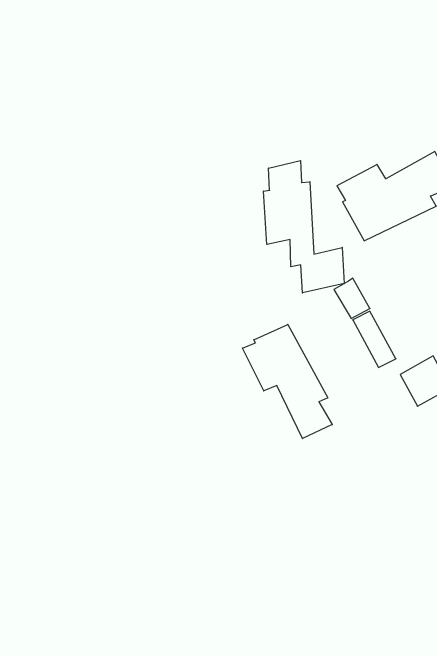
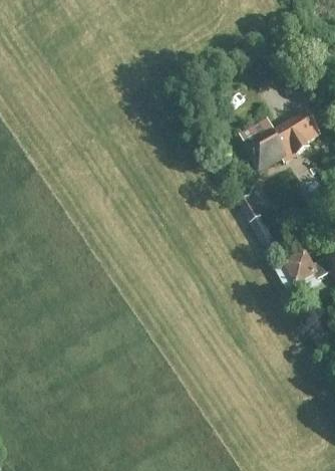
building: [264,161,344,293] -> none
building: [242,324,332,439] -> none

